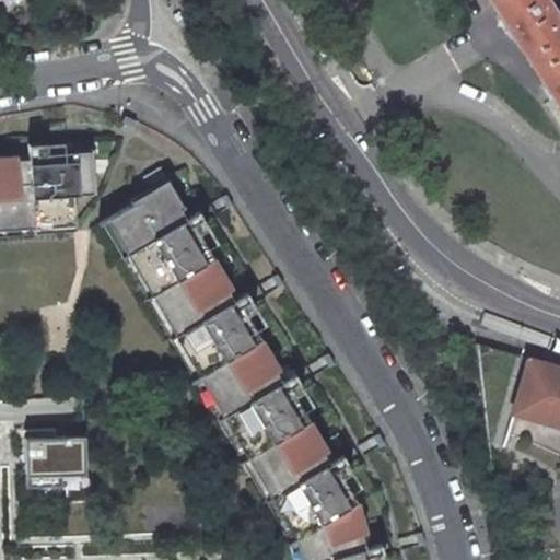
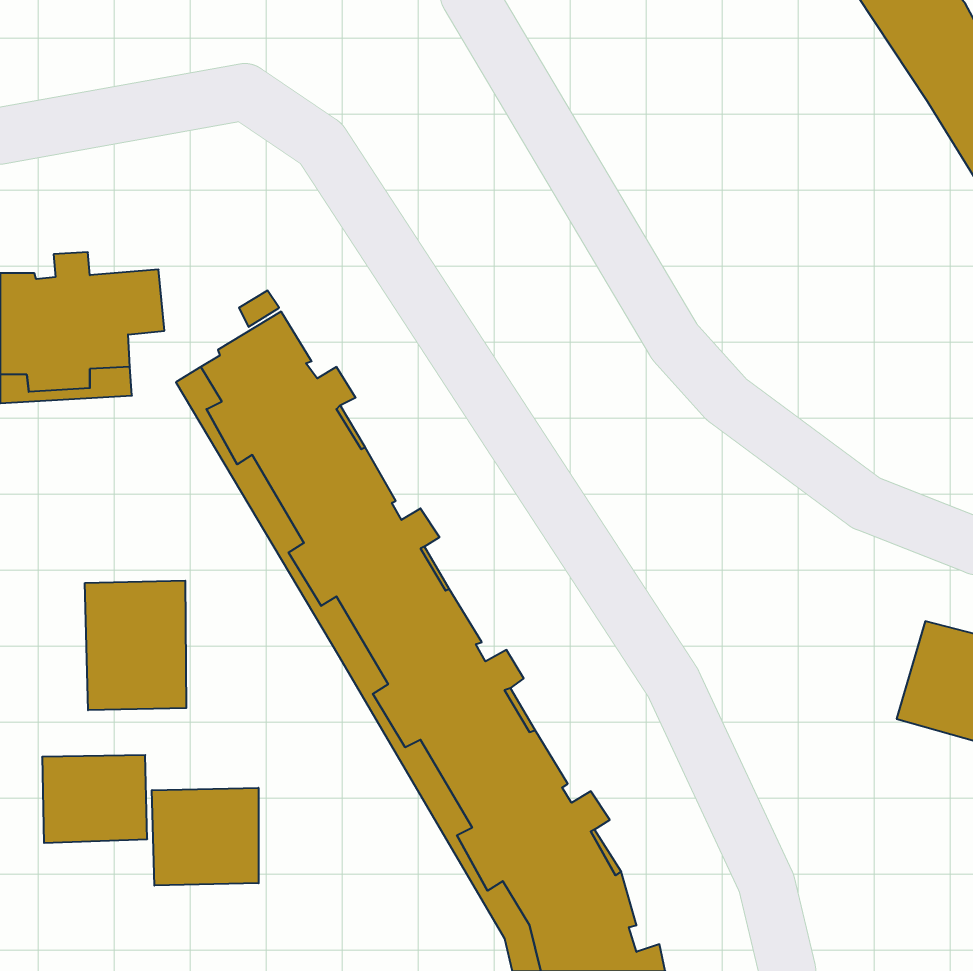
building: none -> [85,581,186,710]
building: none -> [152,788,259,886]

